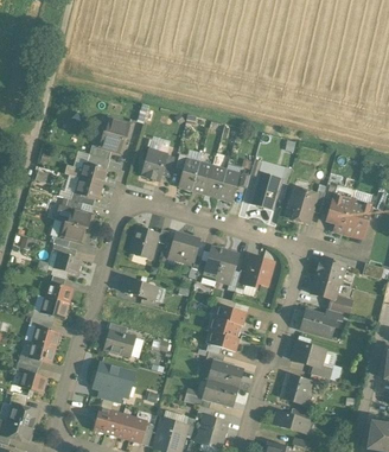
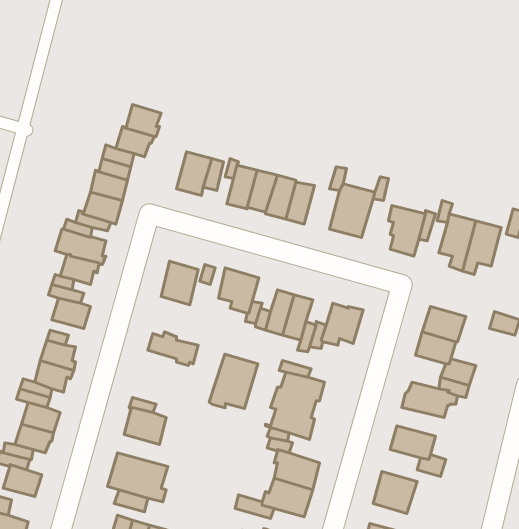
building: none -> [209,354,258,409]

